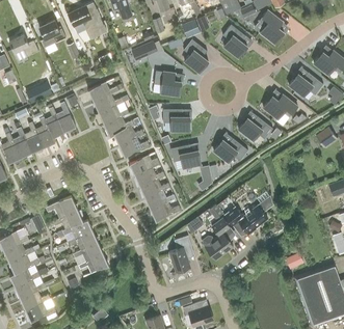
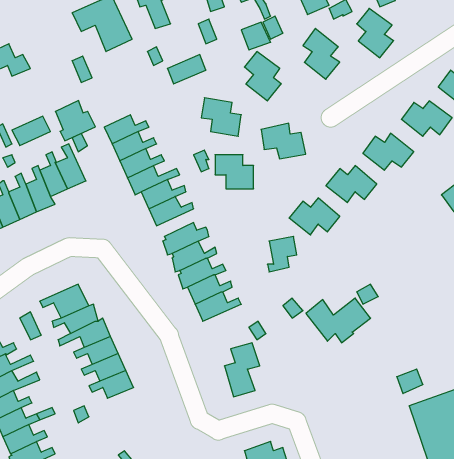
building: [38,19,65,46] -> [55,101,95,141]
building: [170,143,201,167] -> [261,123,306,159]
building: [203,217,233,258] -> none

